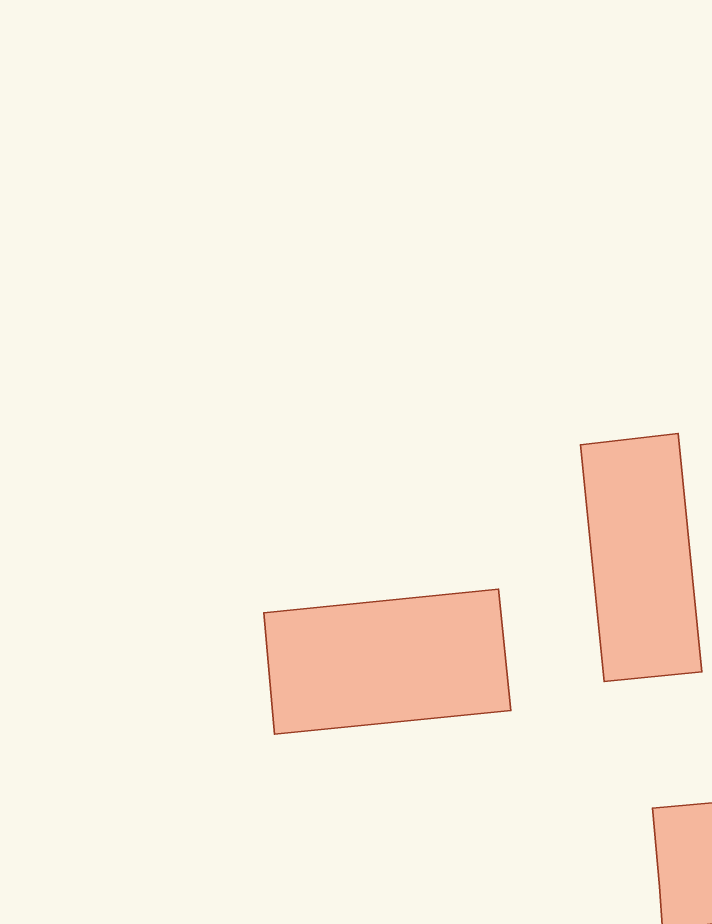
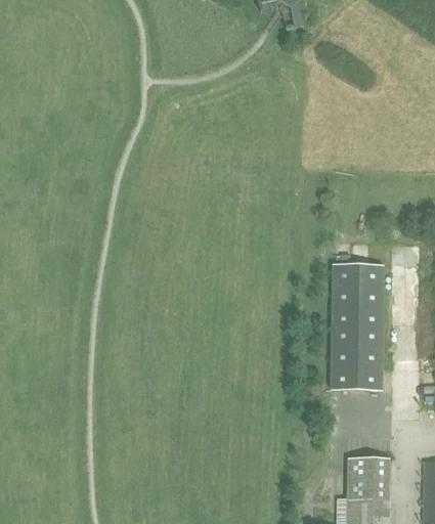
building: [264,589,511,734] -> none

